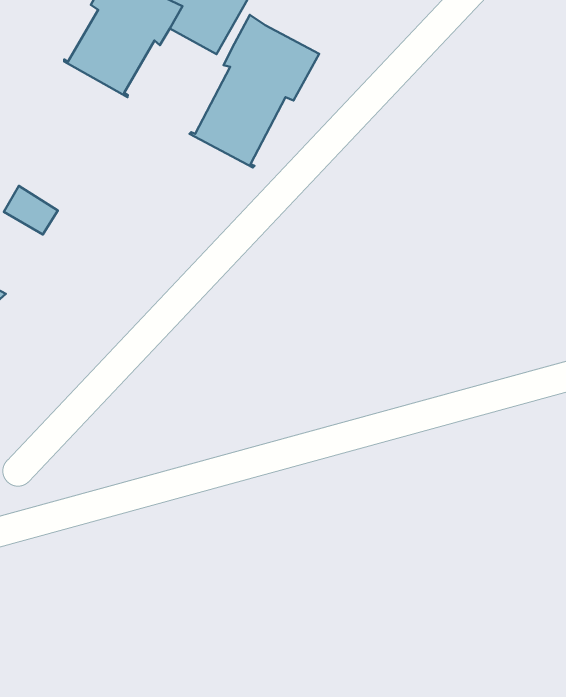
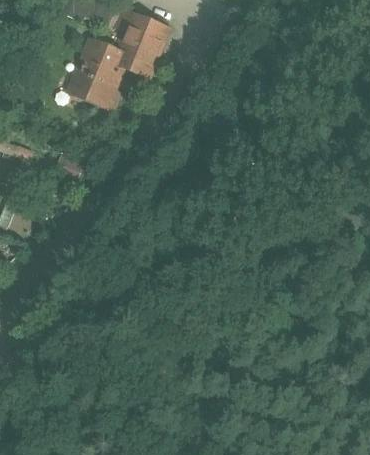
building: [190,15,319,167] -> none

